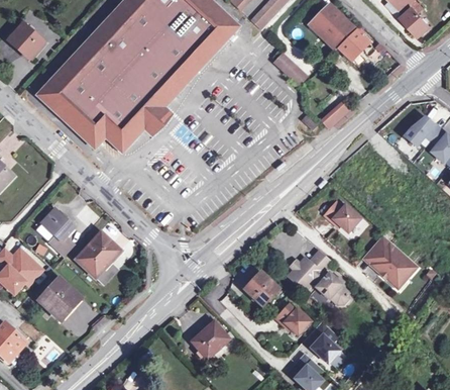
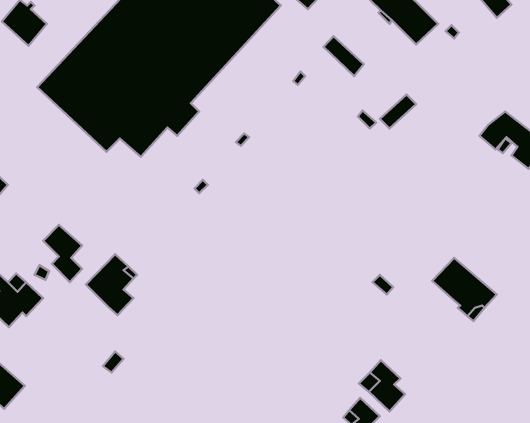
building: [324,202,360,232] -> none
building: [289,258,348,304] -> none
building: [244,273,278,306] -> none
building: [38,278,80,319] -> none
building: [275,304,311,335] -> none
building: [192,322,228,359] -> none

